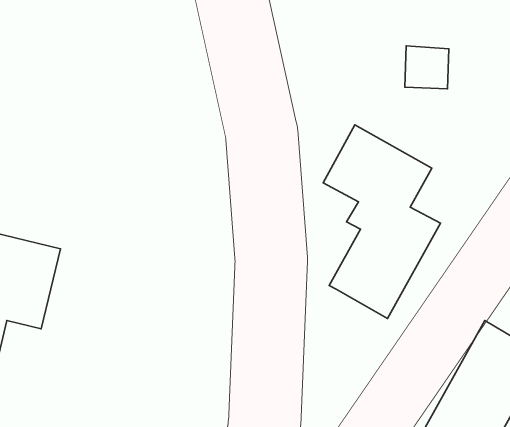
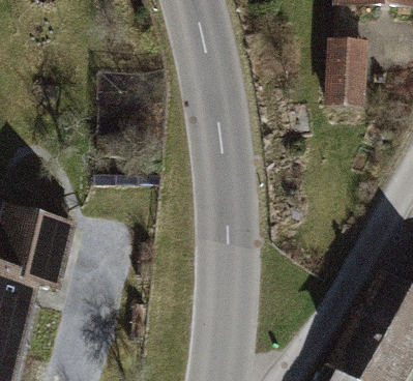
building: [323,125,440,318] -> none

